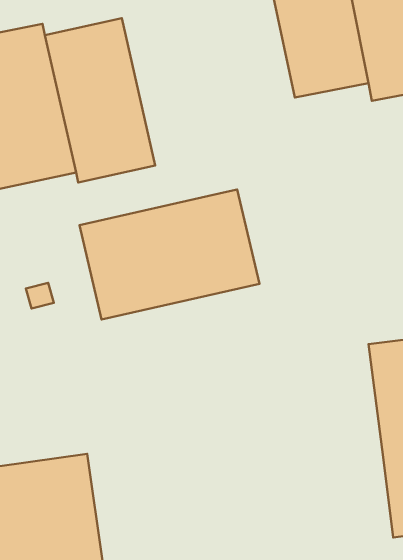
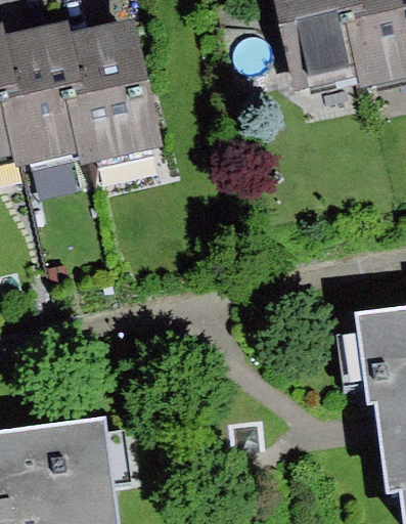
building: [79,189,259,320] -> none

